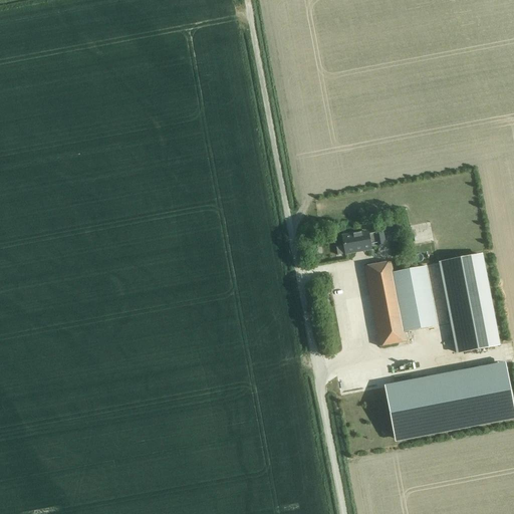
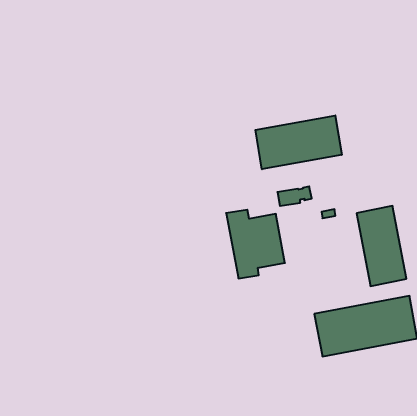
building: none -> [255,115,342,169]
building: [364,260,437,344] -> [226,210,285,278]

